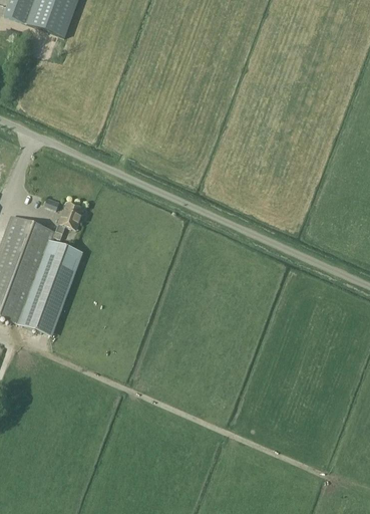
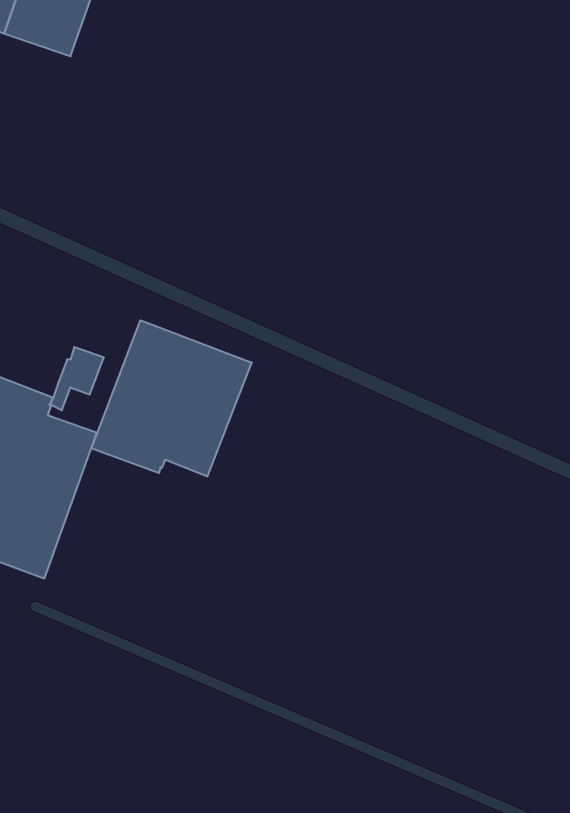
building: none -> [91,320,252,477]

